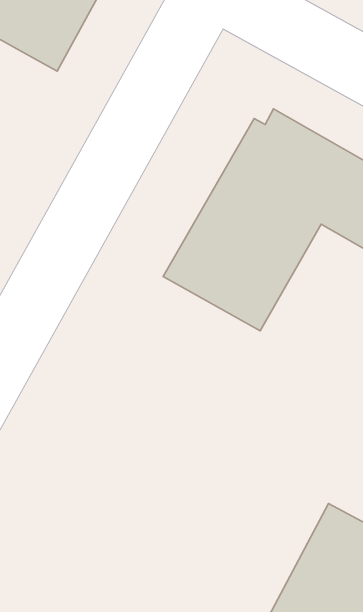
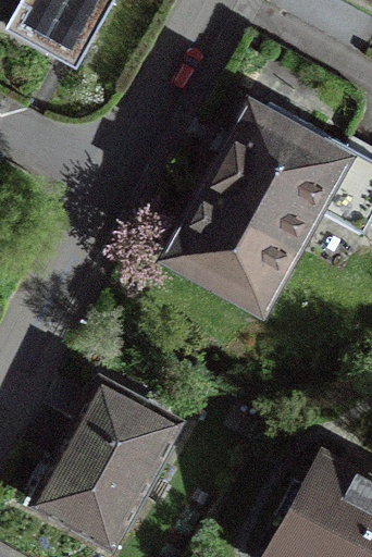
building: none -> [37,383,177,544]

